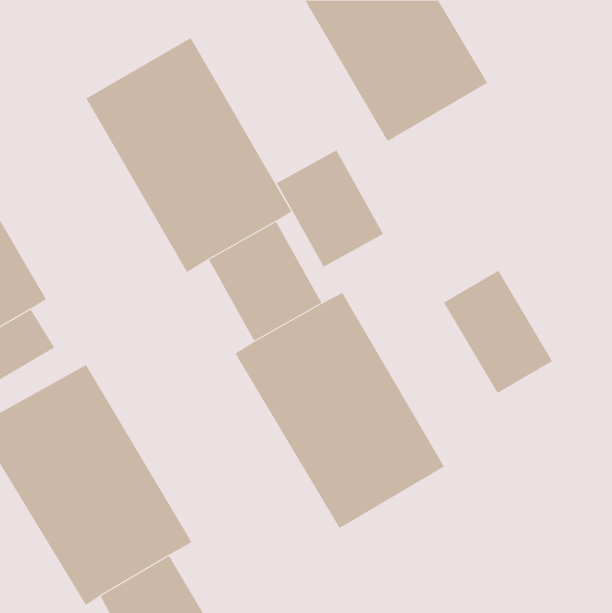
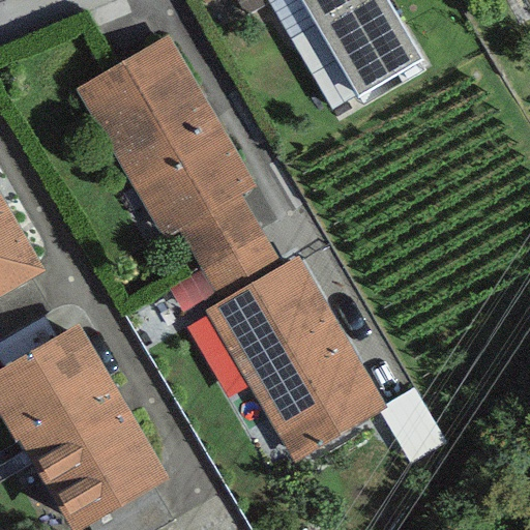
building: [276,149,384,268] -> none
building: [443,270,553,394] -> none

